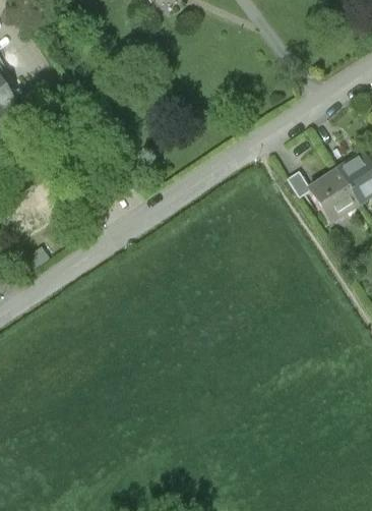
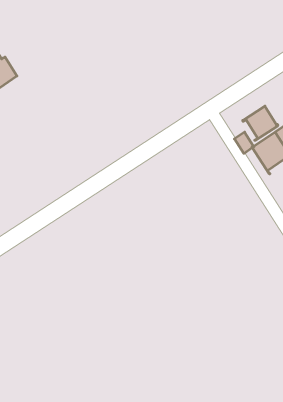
building: none -> [243,106,278,140]

